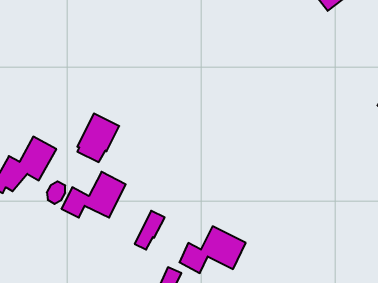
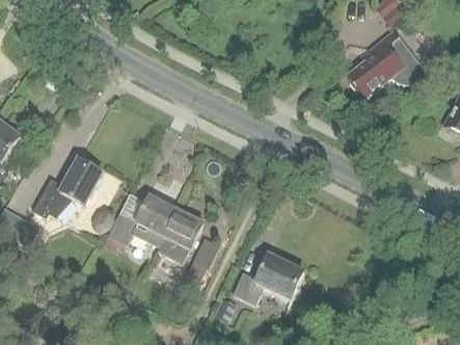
building: none -> [347,31,428,96]
building: [77,113,119,162] -> [158,209,202,261]

